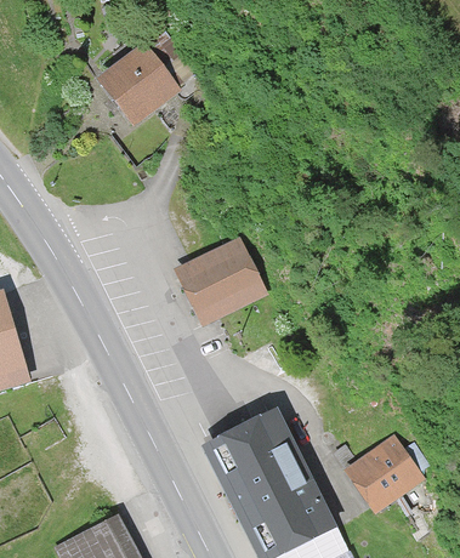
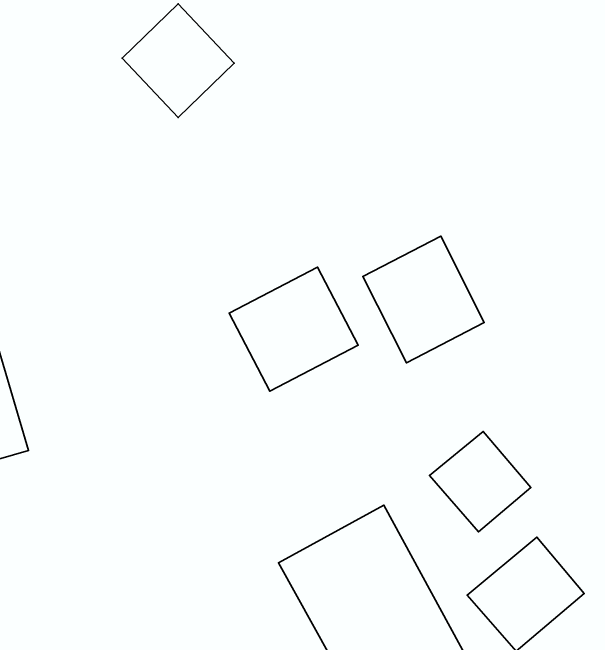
building: none -> [363,236,484,363]
building: none -> [430,432,531,532]

